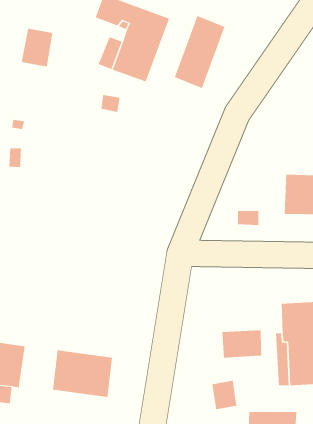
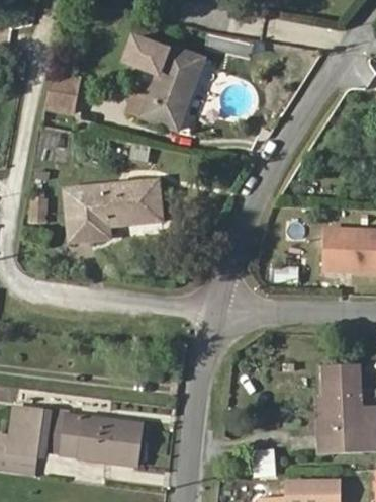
building: [174,15,225,89] -> none
building: none -> [65,181,162,242]
building: [222,330,262,359] -> none
building: none -> [43,411,83,458]

